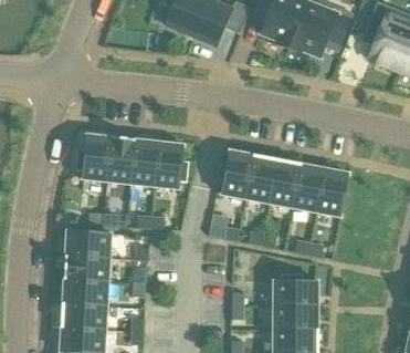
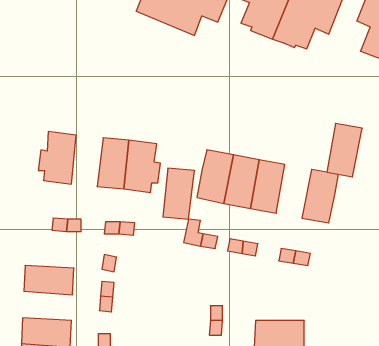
building: [106,137,135,184] -> [163,168,195,219]
building: [292,164,324,212] -> [327,123,362,177]
building: [64,230,111,258] -> none
building: [273,274,317,305] -> none
building: [62,279,107,305] -> none

